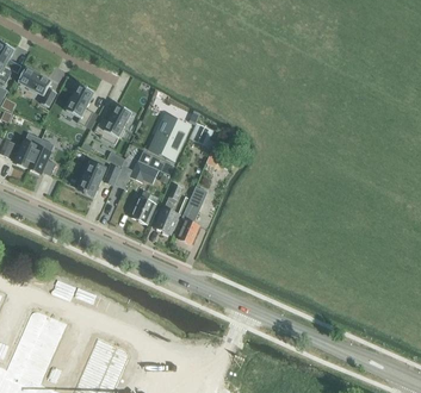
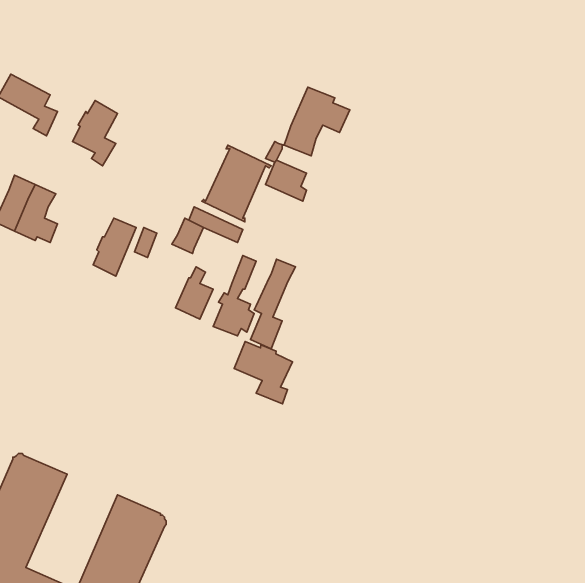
building: none -> [284,87,350,156]
building: [94,105,132,144] -> none
building: none -> [234,341,292,404]

